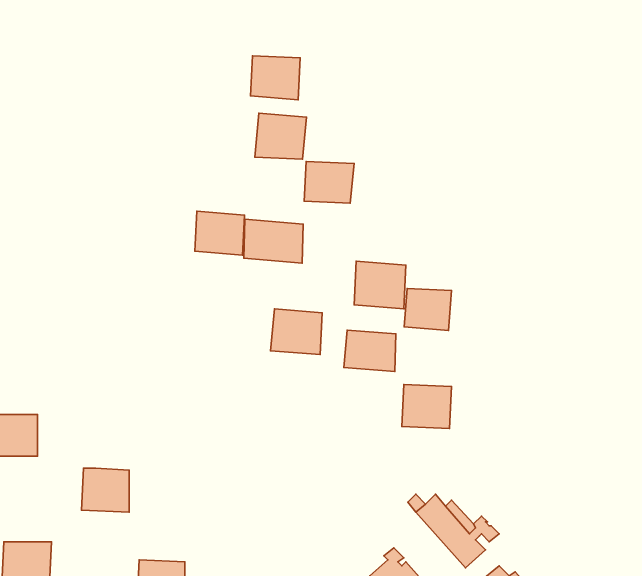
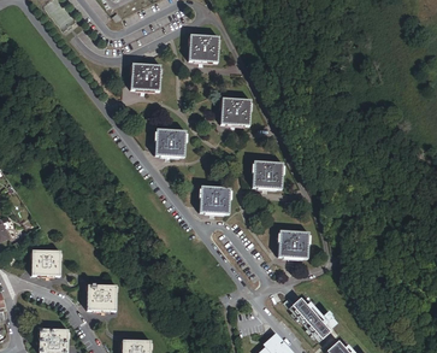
building: [255,113,306,159] -> [130,61,161,89]
building: [244,219,303,263] -> none
building: [404,288,452,331] -> none
building: [344,330,396,372] -> none

